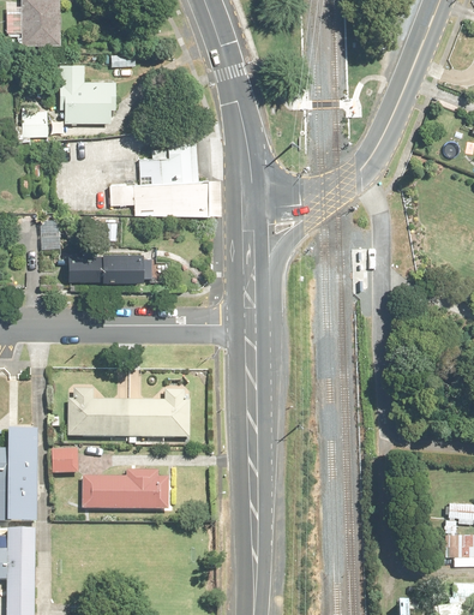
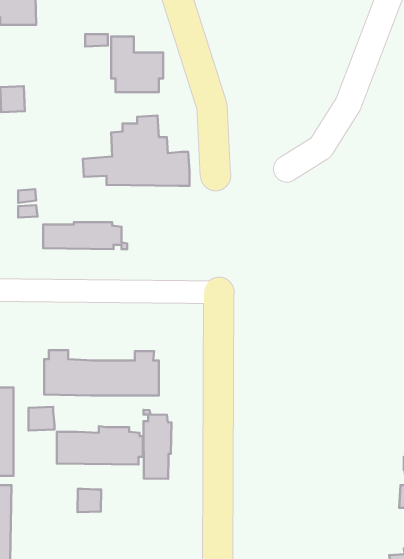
building: [59,64,114,123] -> [111,37,163,92]
building: none -> [143,410,171,479]
building: none -> [77,489,101,512]

